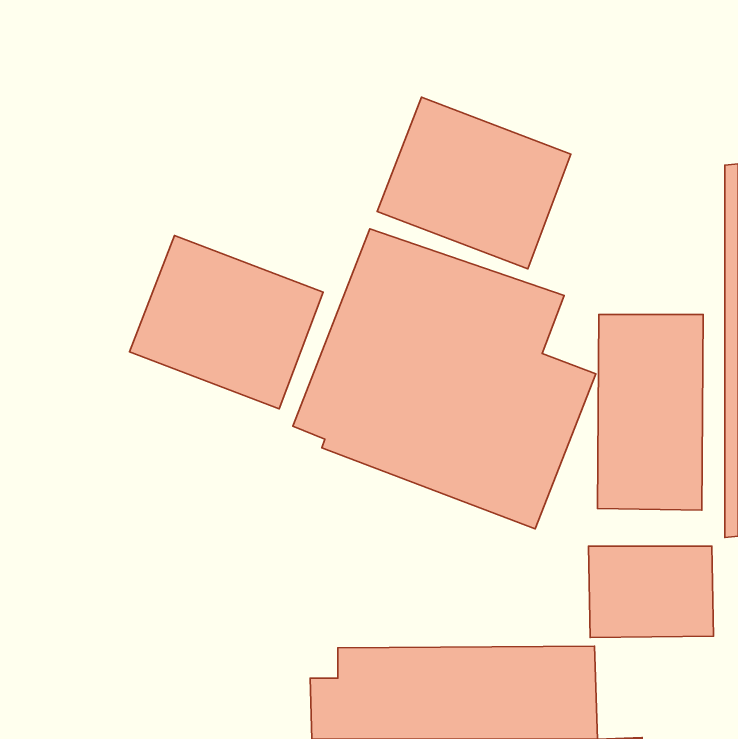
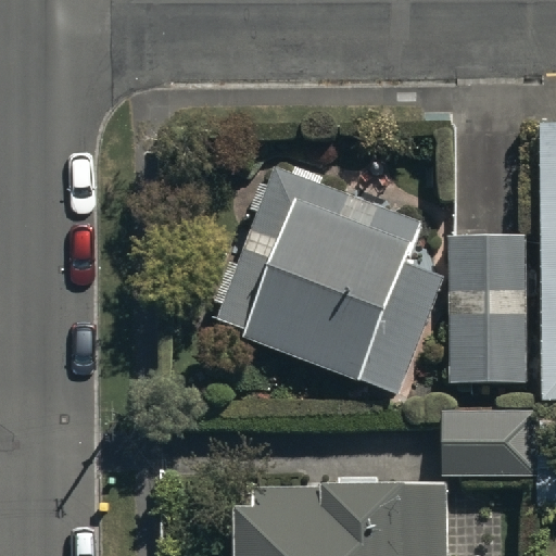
building: [377,97,571,269] -> none
building: [129,235,323,409] -> none

